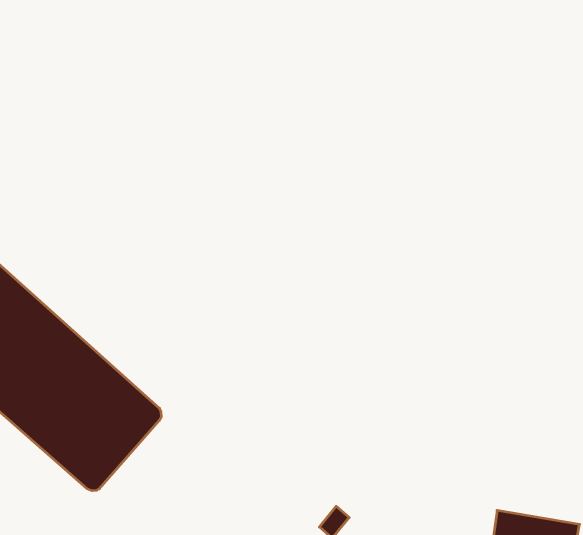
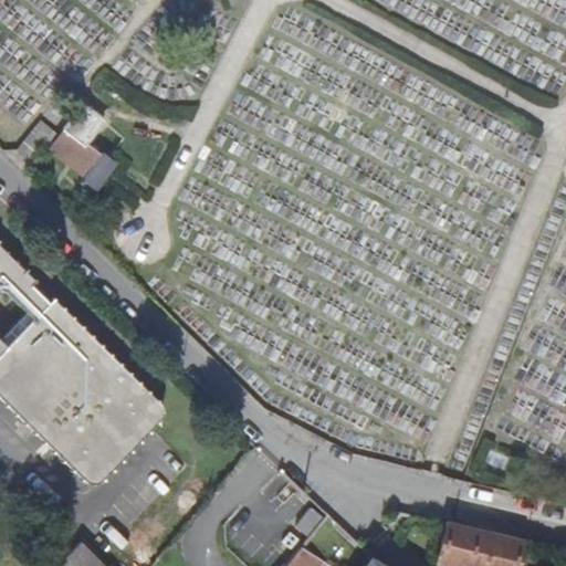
building: none -> [50,107,114,190]

